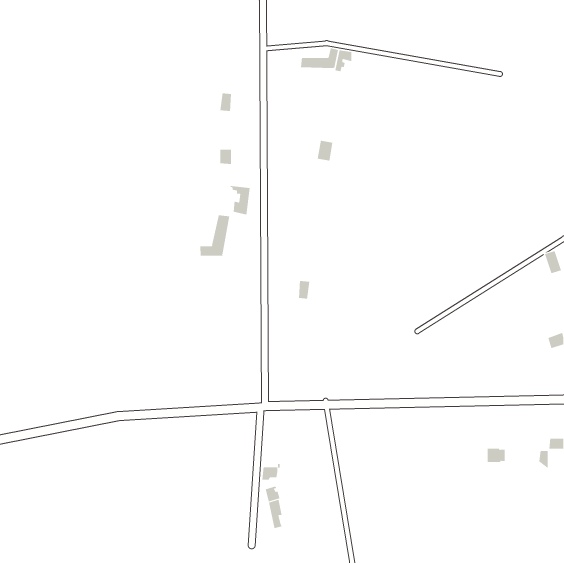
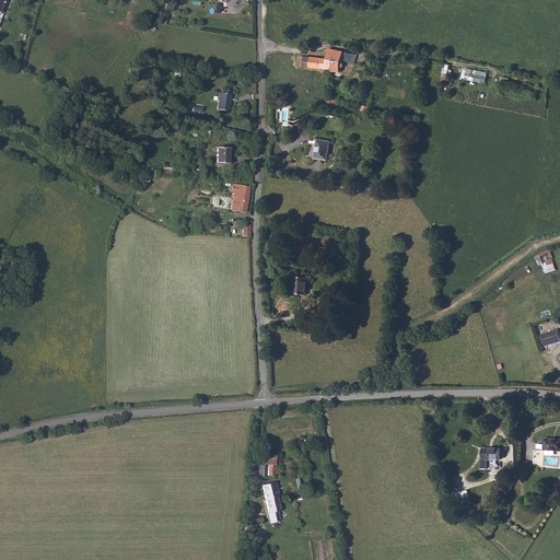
building: [200,215,230,257] -> none

